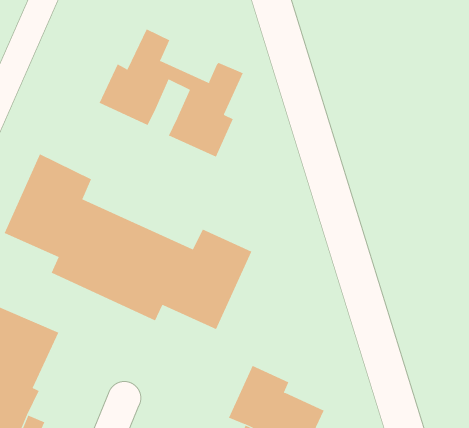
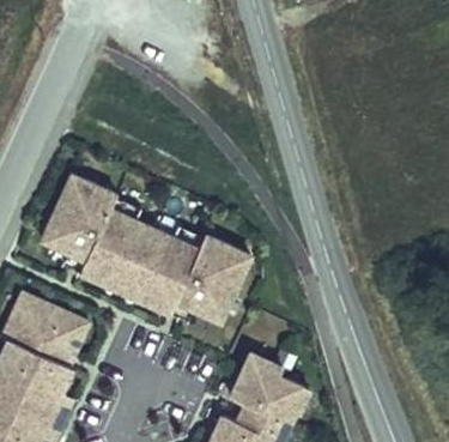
building: [99,28,243,157] -> none

